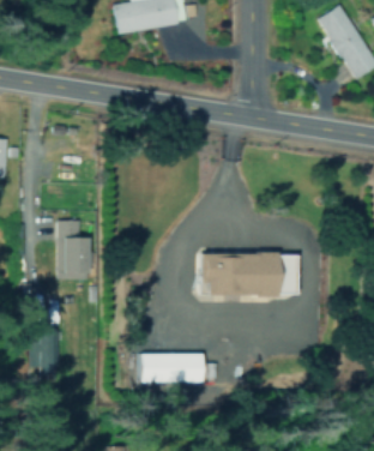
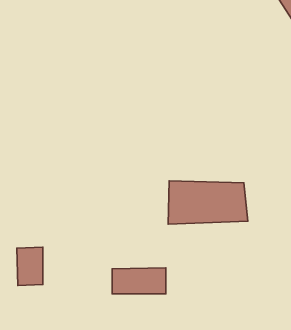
building: [54,220,88,281] -> none

